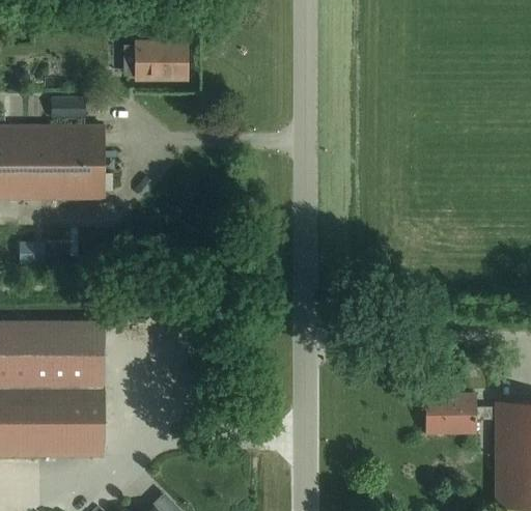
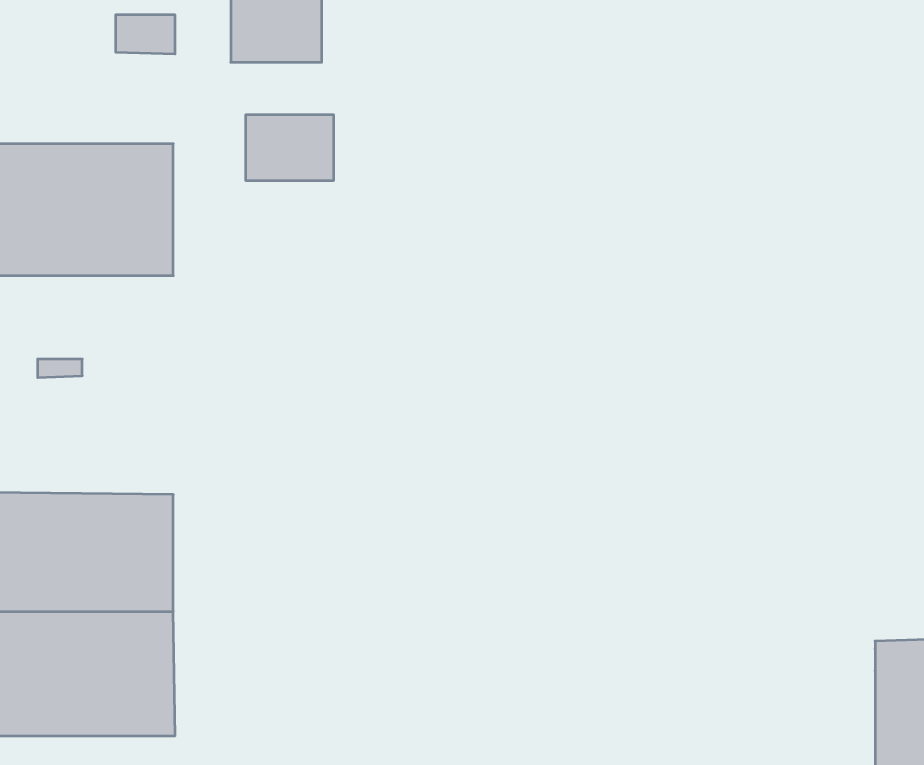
building: [51,97,84,119] -> [116,15,175,54]
building: none -> [246,115,333,181]
building: [425,394,495,432] -> none

